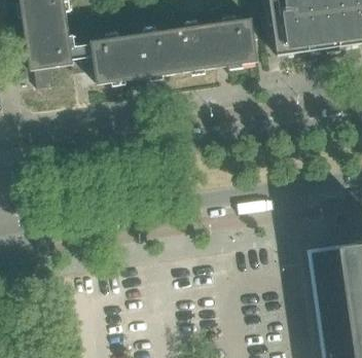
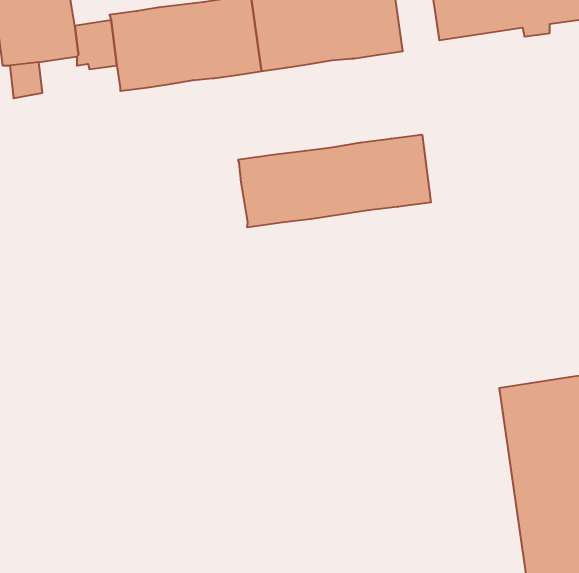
building: none -> [238,135,431,227]

